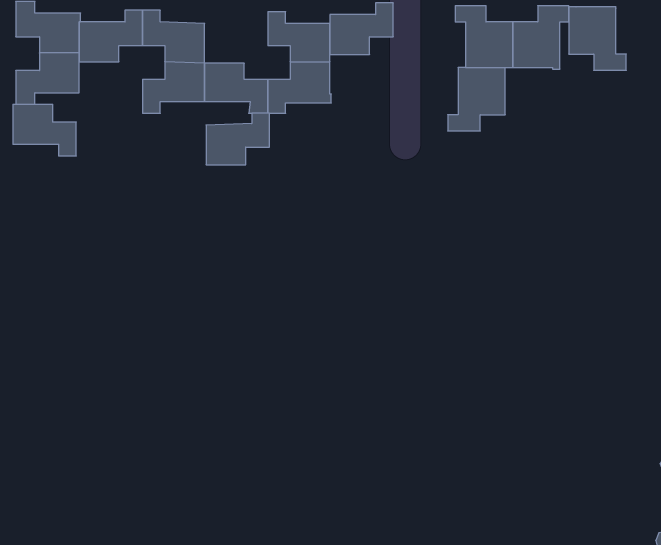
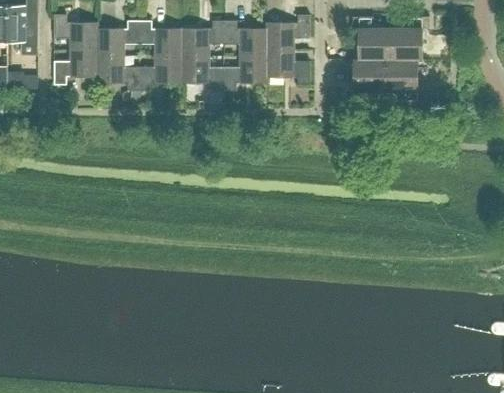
building: [569,7,626,70] -> [385,59,424,102]
building: none -> [266,50,309,84]
building: [13,104,76,156] -> [96,55,139,90]
building: [206,113,269,165] -> [181,21,224,56]

